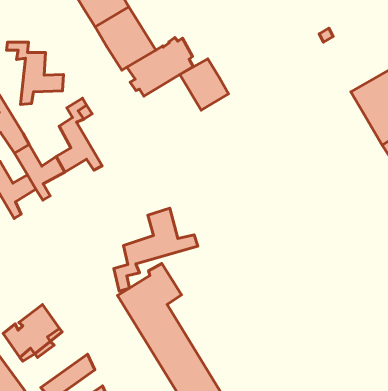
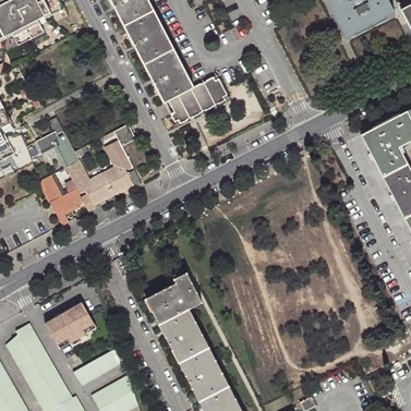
building: [7,42,64,104] -> none
building: [180,59,228,110] -> none
building: [114,208,198,291] -> none

